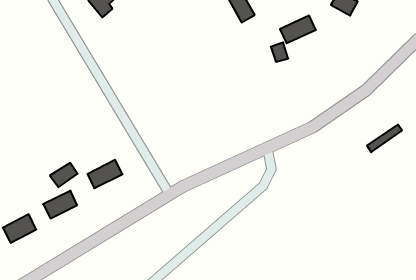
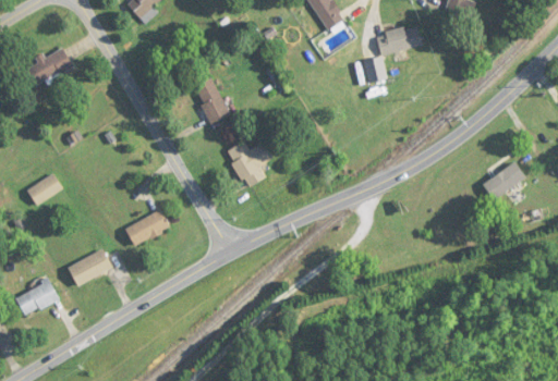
building: none -> [23,47,72,87]
building: none -> [192,77,230,124]
building: none -> [227,142,272,187]
building: [50,163,78,187] -> [26,173,62,205]

